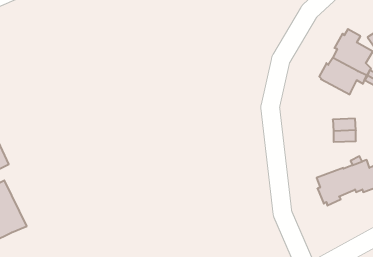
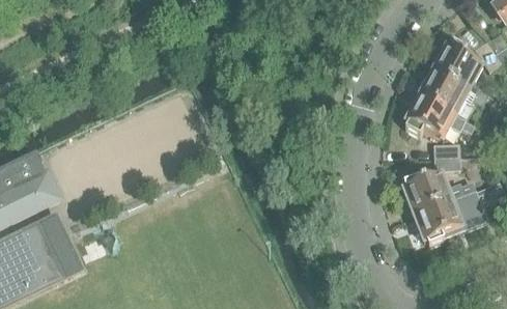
building: none -> [404,96,475,138]
building: none -> [402,171,447,210]

